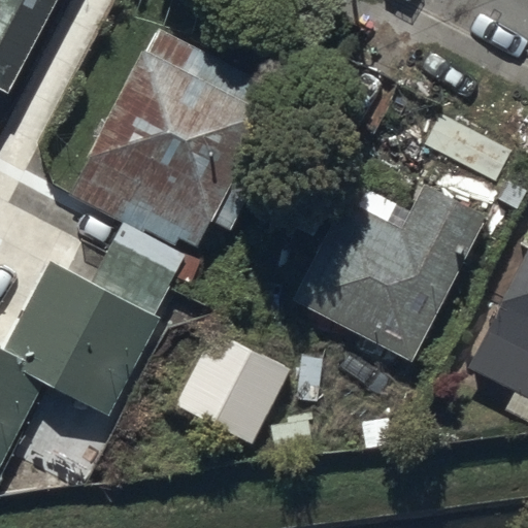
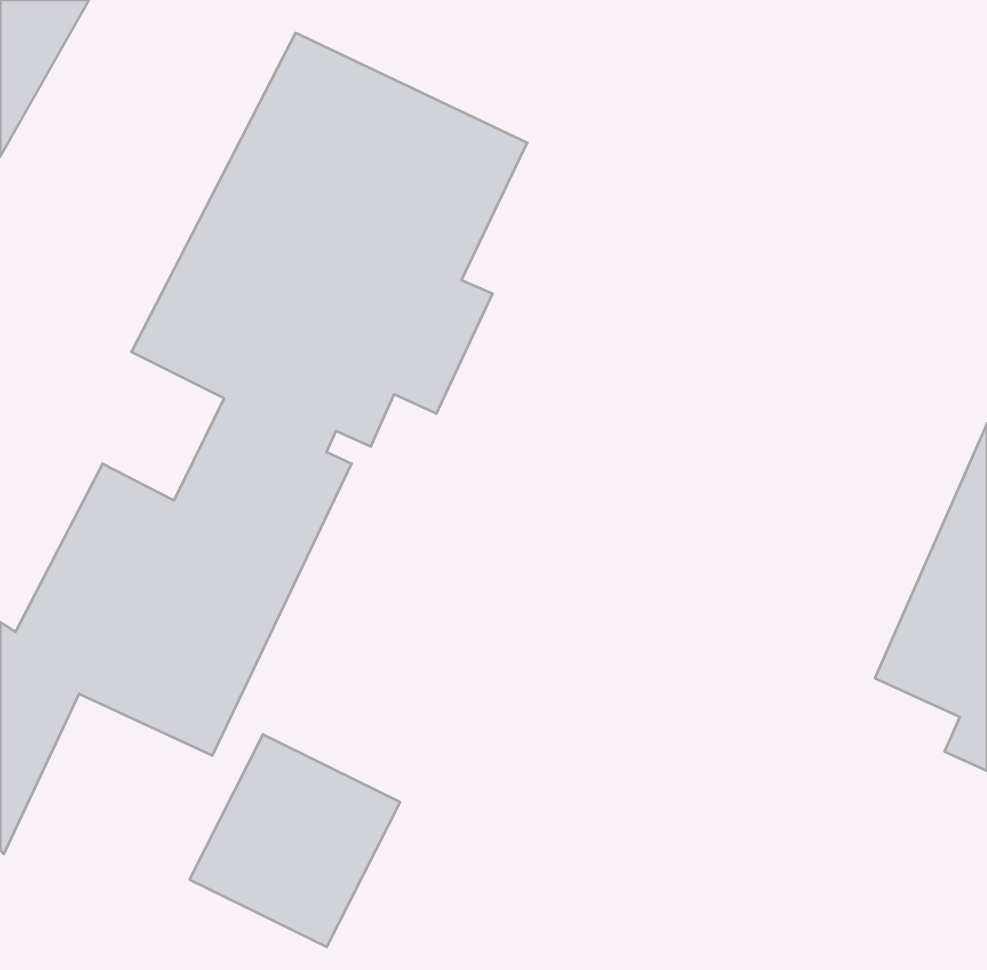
building: [289,182,484,362] -> none
building: [177,335,290,449] -> [190,734,400,947]

